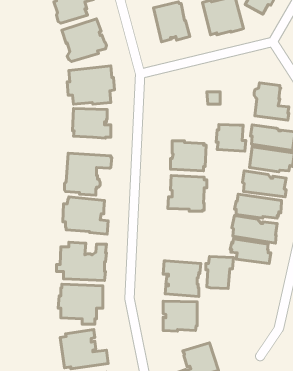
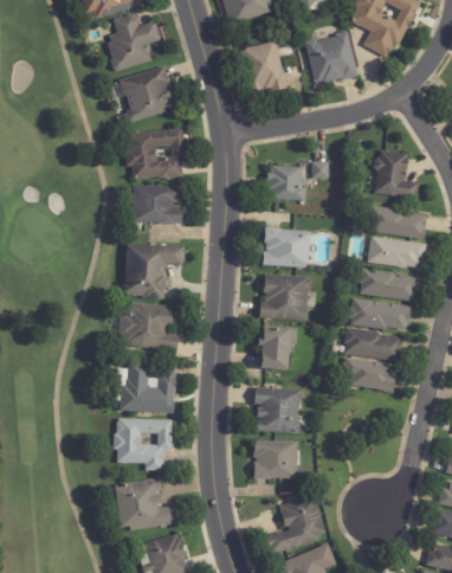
building: [216,124,246,151] -> [266,165,305,200]
building: [206,257,233,289] -> [257,327,293,369]

